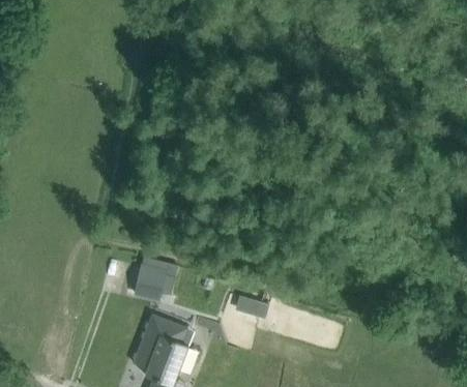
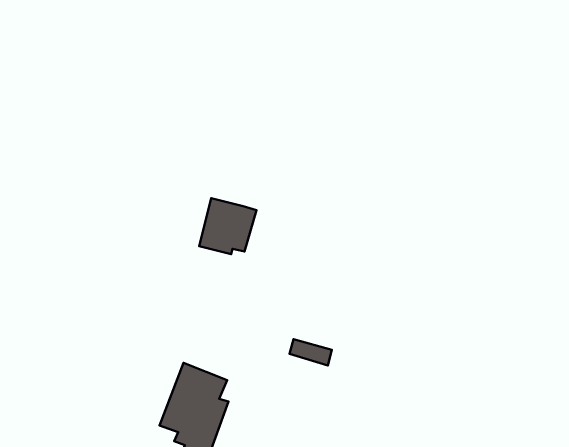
building: [134,256,178,299] -> [199,198,256,254]

